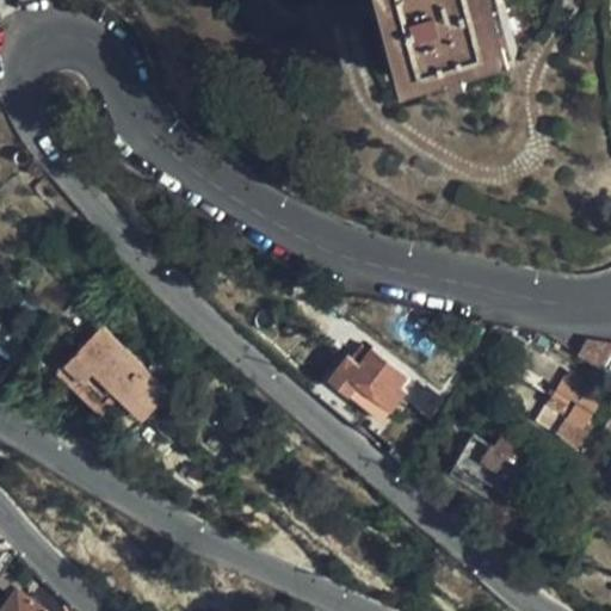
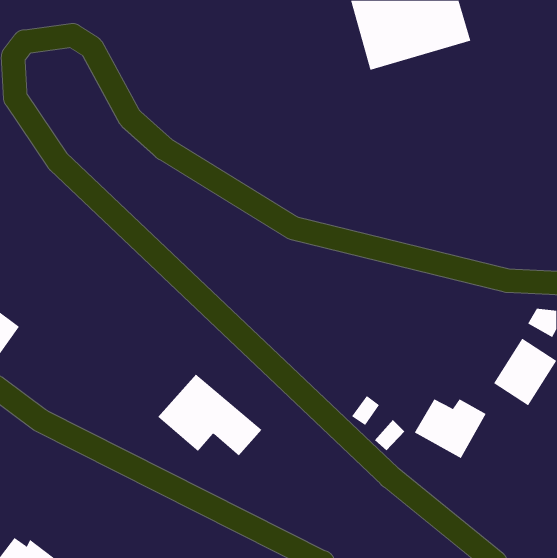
building: [51,333,165,422] -> [157,374,262,456]
building: [327,347,408,422] -> none

